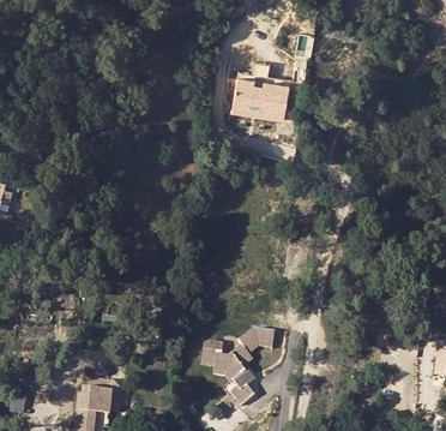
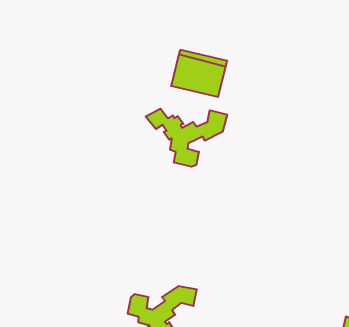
building: none -> [146,109,227,167]

